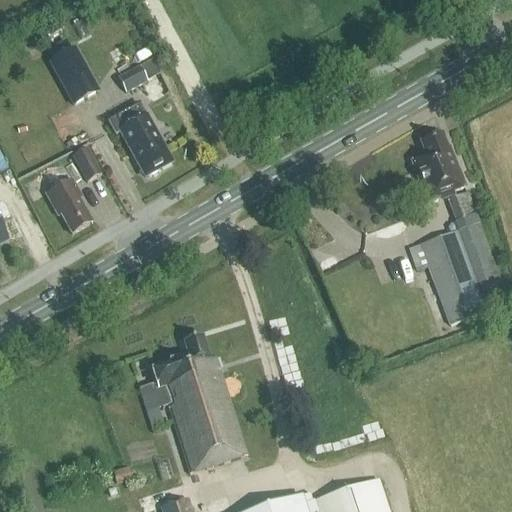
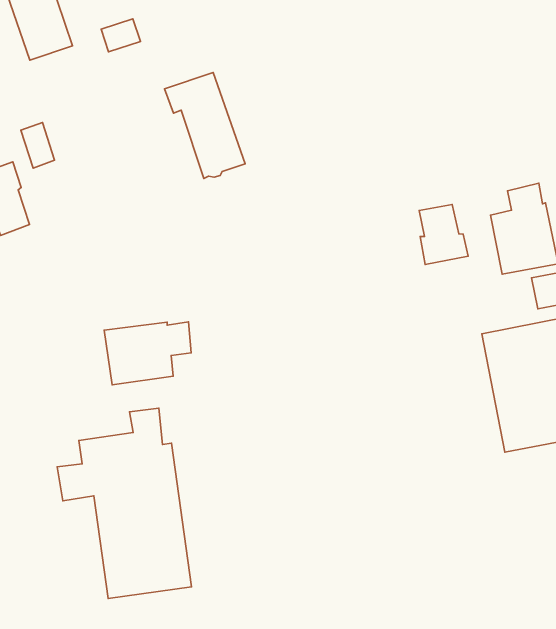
building: [106,99,171,174] -> [165,73,245,178]
building: none -> [419,204,468,264]
building: none -> [104,322,191,385]

